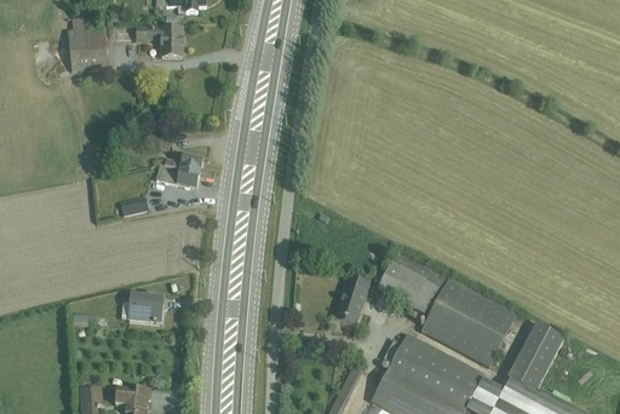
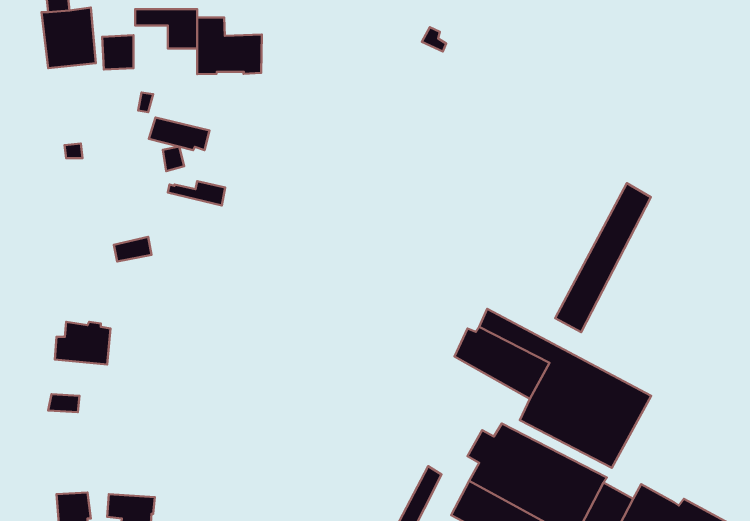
building: none -> [197,17,262,74]
building: none -> [555,183,651,332]
building: [155,163,200,188] -> [149,117,210,150]
building: [333,276,369,327] -> none
building: [121,292,162,323] -> [55,322,111,365]
building: [506,323,563,392] -> none

